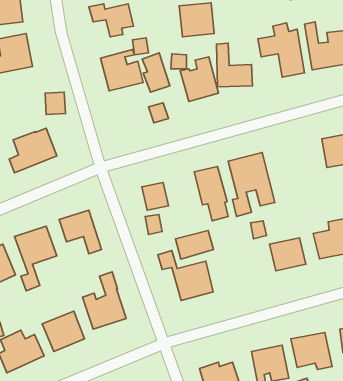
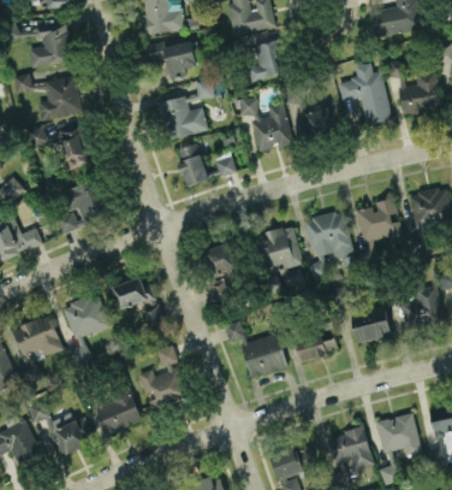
building: [142,53,170,92] -> [177,142,208,187]
building: [45,92,65,115] -> [59,131,82,157]
building: none -> [356,200,403,262]
building: [175,230,214,259] -> [295,329,338,361]

